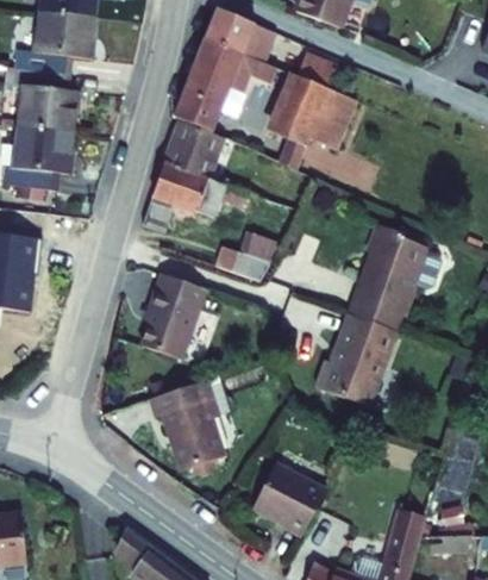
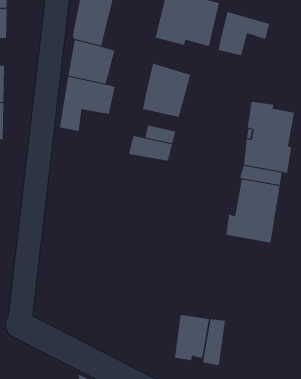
building: none -> [218,11,270,56]
building: none -> [142,63,191,118]
building: [134,273,205,355] -> none
building: [150,378,233,479] -> none

